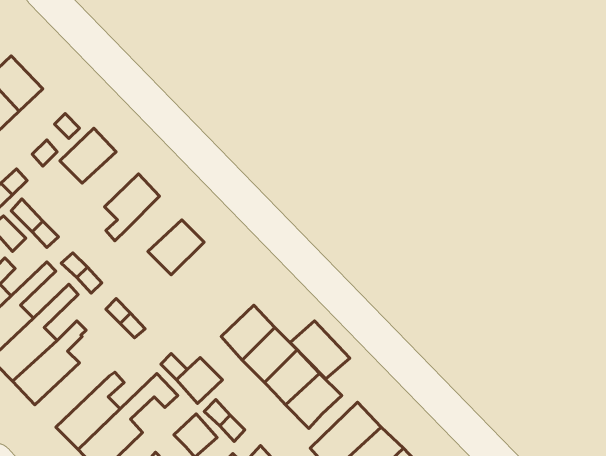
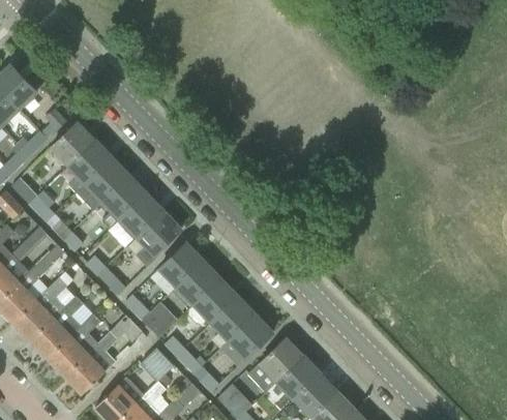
building: none -> [67,141,112,192]
building: none -> [101,176,146,230]
building: none -> [137,212,181,267]
building: none -> [157,243,203,289]
building: [290,321,350,379] -> none
building: none -> [30,297,89,358]

